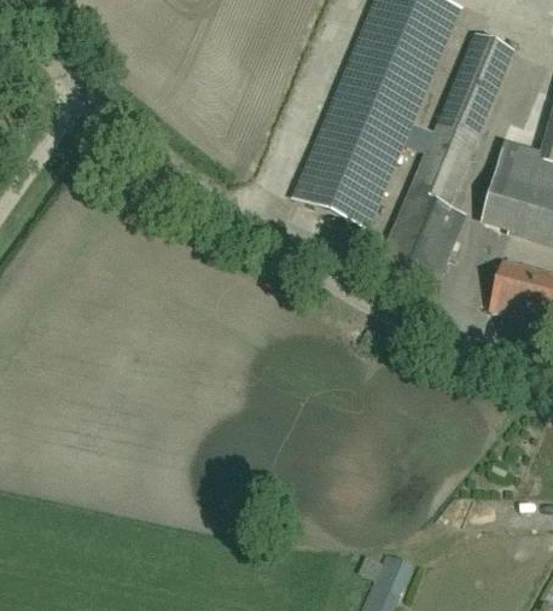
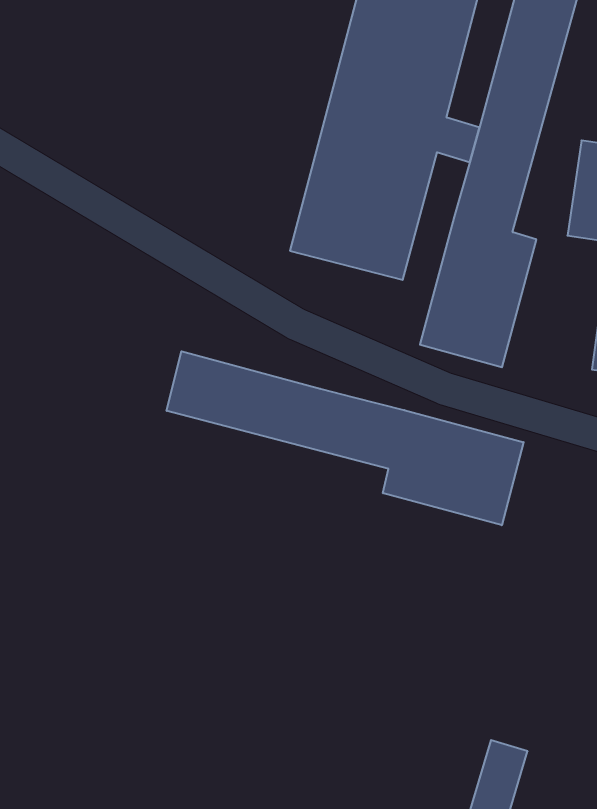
building: none -> [167,351,524,525]

